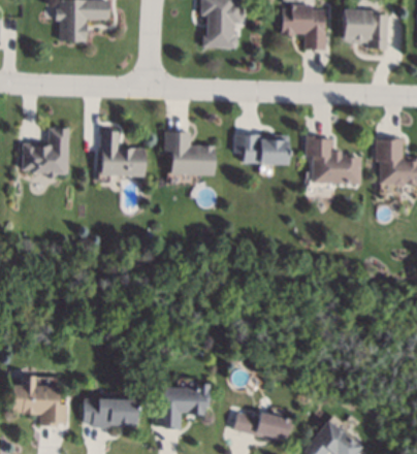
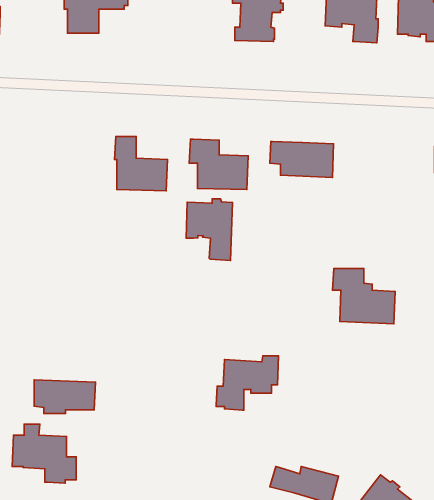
building: [23,127,69,175] -> none
building: [304,136,358,184] -> [333,269,395,324]
building: none -> [186,199,232,261]
building: [157,383,211,429] -> [216,356,279,410]
building: [85,398,137,427] -> [34,380,96,413]

